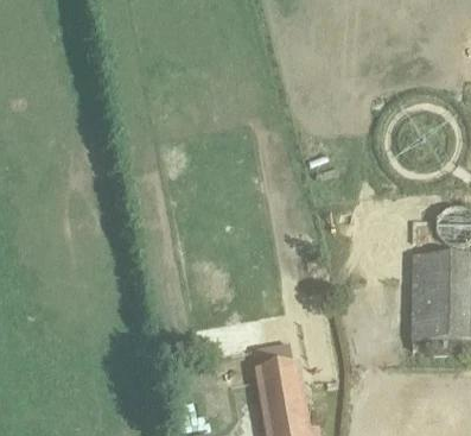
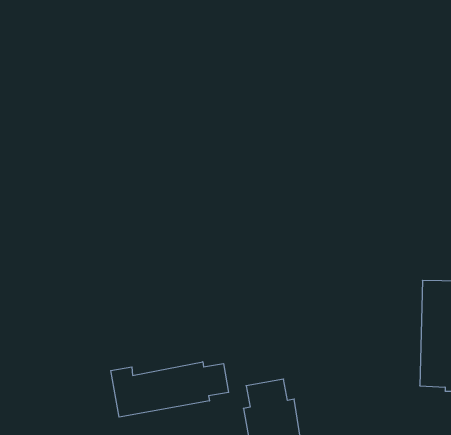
building: none -> [111,362,229,417]

